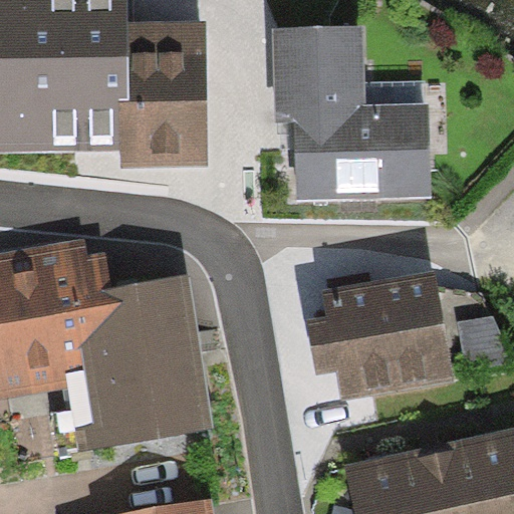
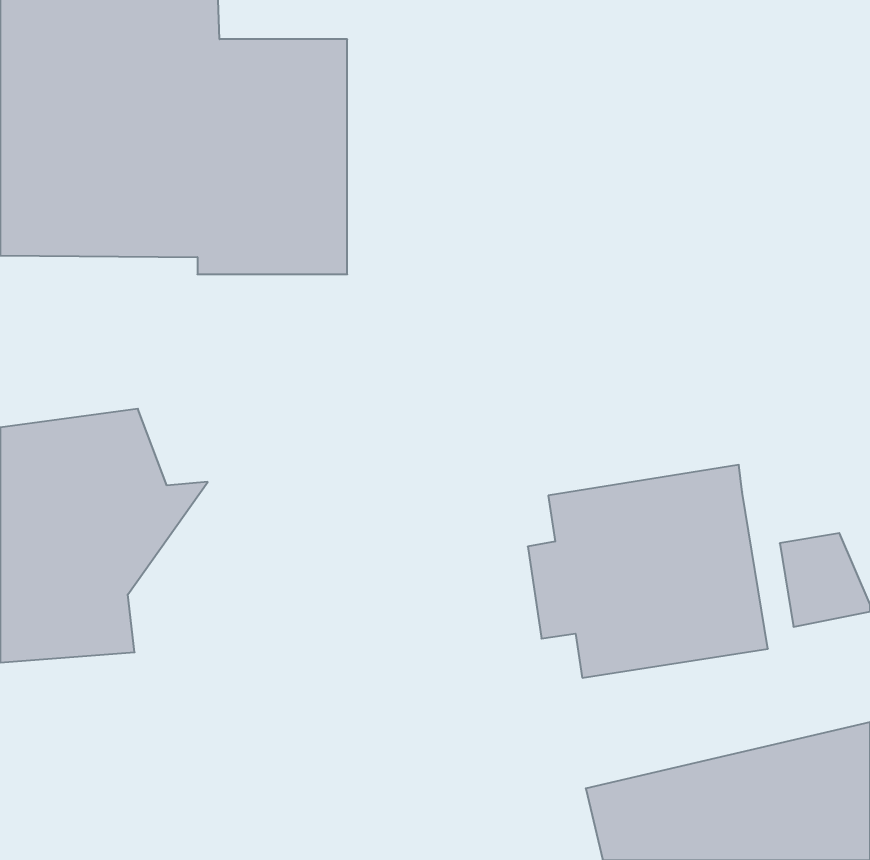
building: [278,25,431,198] -> none
building: [63,278,206,450] -> none

